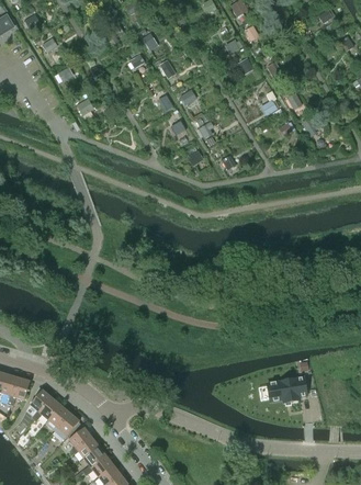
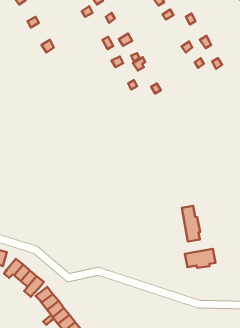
building: none -> [182,206,200,242]

